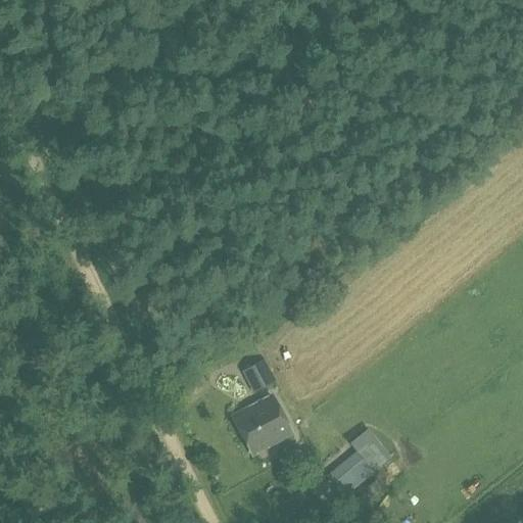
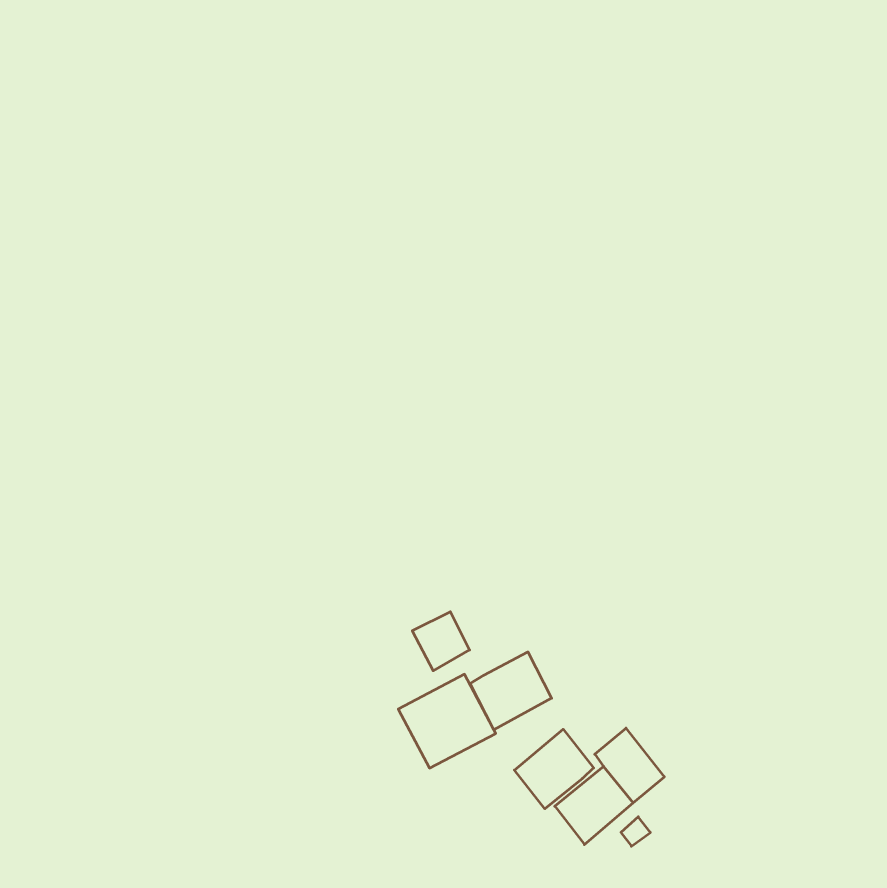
building: none -> [470,652,552,730]
building: none -> [514,729,594,809]

